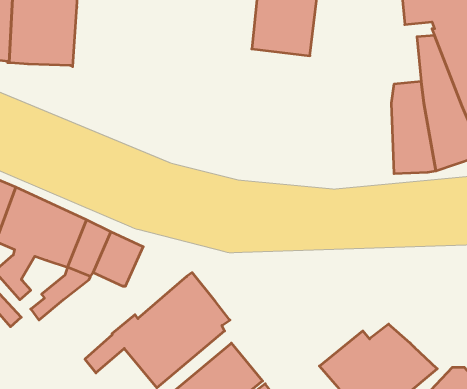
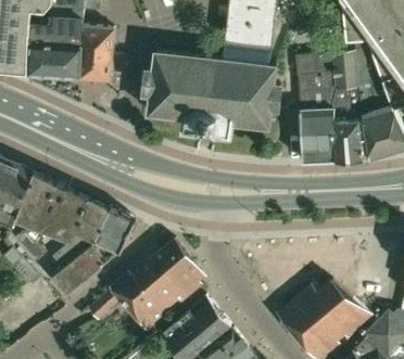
building: none -> [78,27,113,80]
building: none -> [294,51,357,163]
building: none -> [143,52,279,128]
building: none -> [51,240,118,294]

